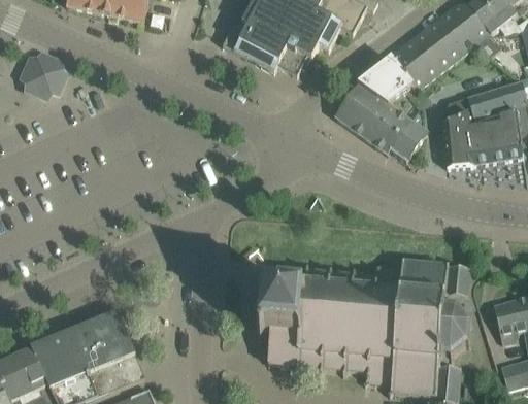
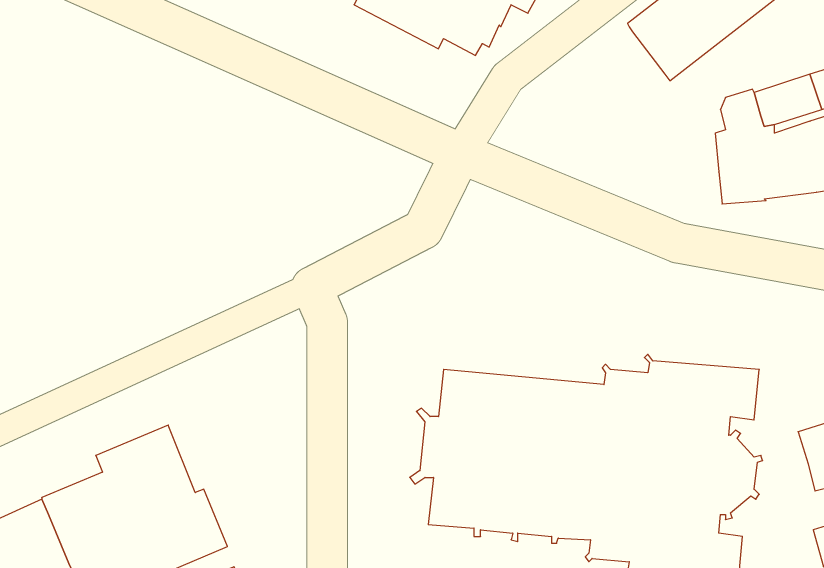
building: [26,57,62,93] -> none
building: [335,58,426,160] -> none

